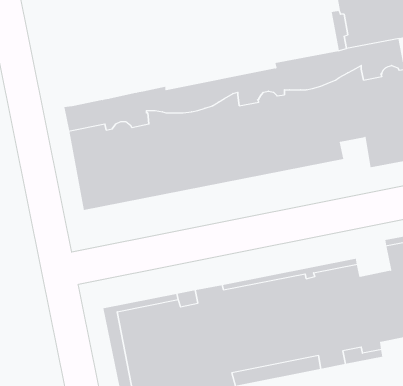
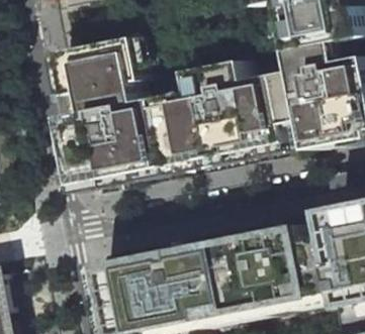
building: none -> [63,34,149,94]

